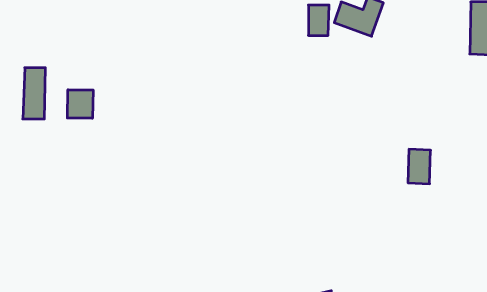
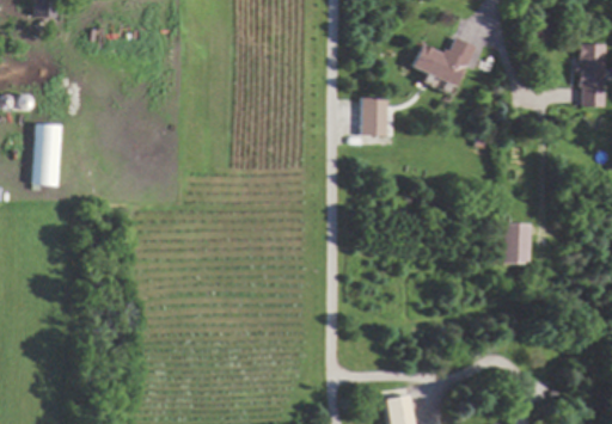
building: [308,5,329,35] -> [365,98,390,135]
building: [67,90,93,118] -> none

